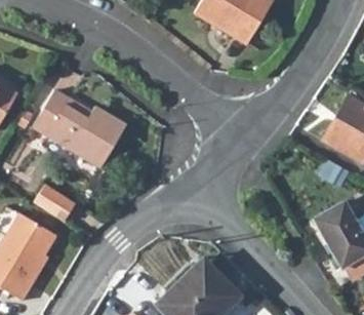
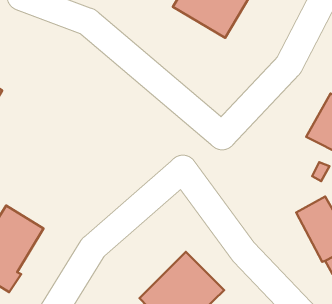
building: [33,90,123,163] -> none
building: [35,179,78,218] -> none

